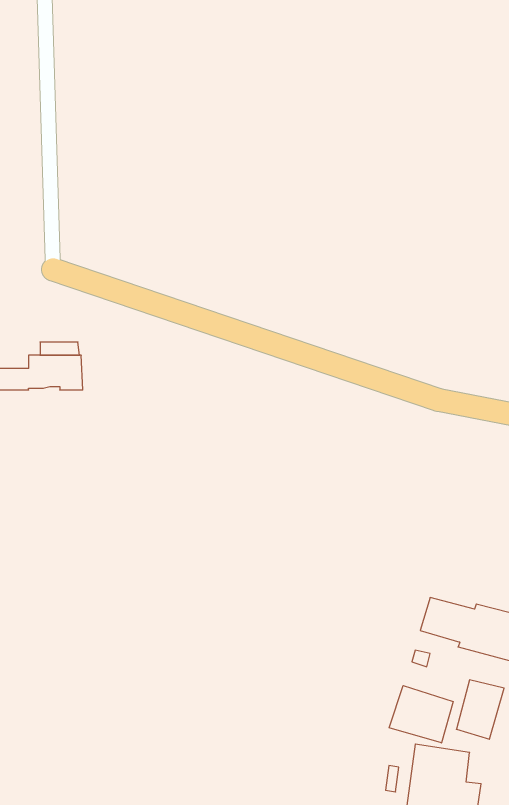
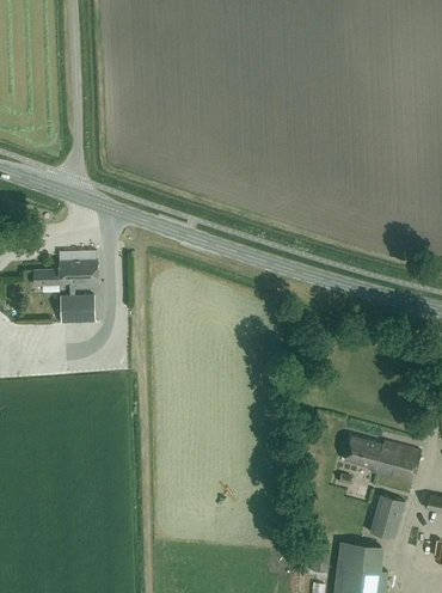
building: none -> [60,283,94,323]
building: [389,686,453,743] -> none

